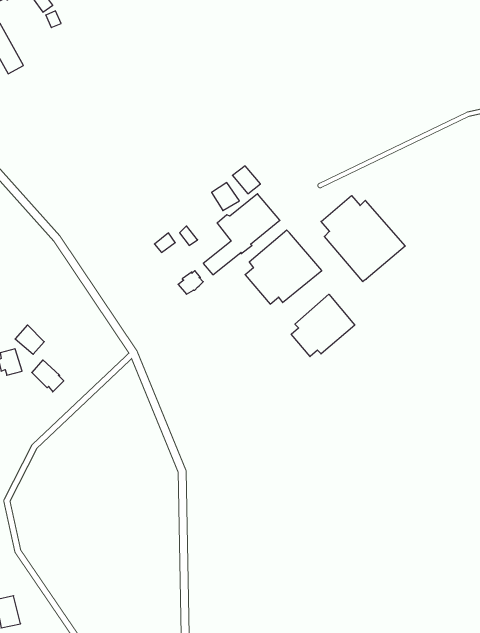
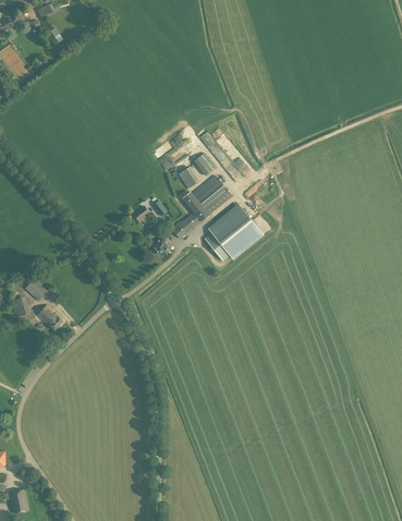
building: [321,196,405,282] -> none
building: [291,294,355,357] -> none

